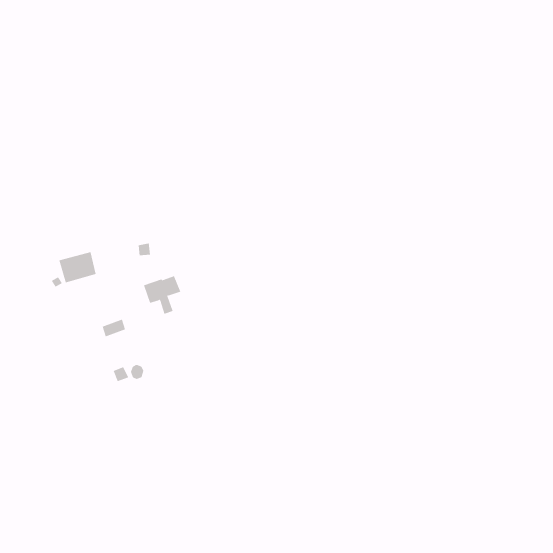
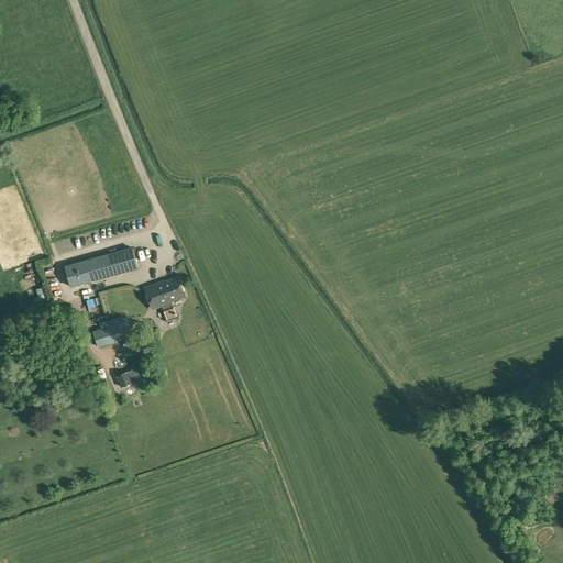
building: none -> [92,247,136,279]

